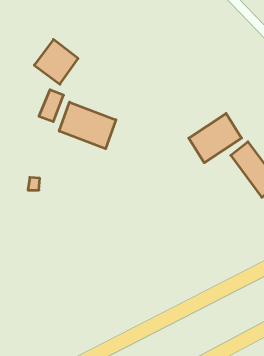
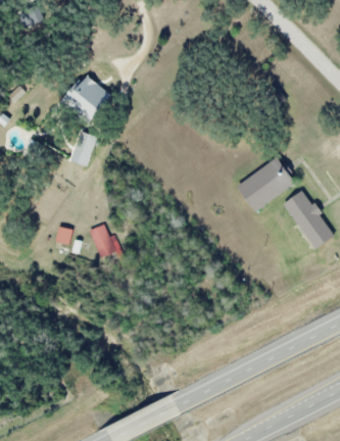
building: [59,102,116,149] -> none
building: none -> [86,223,116,258]

